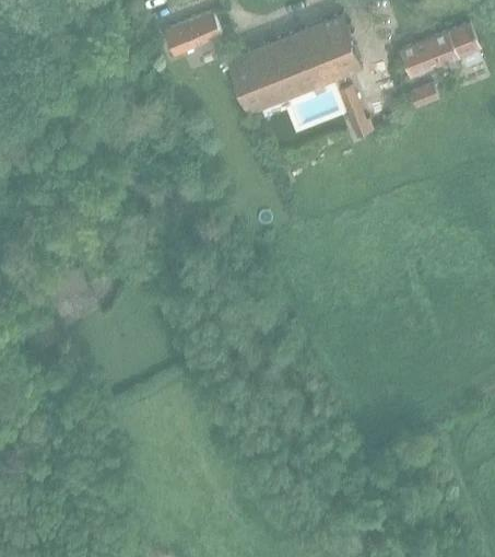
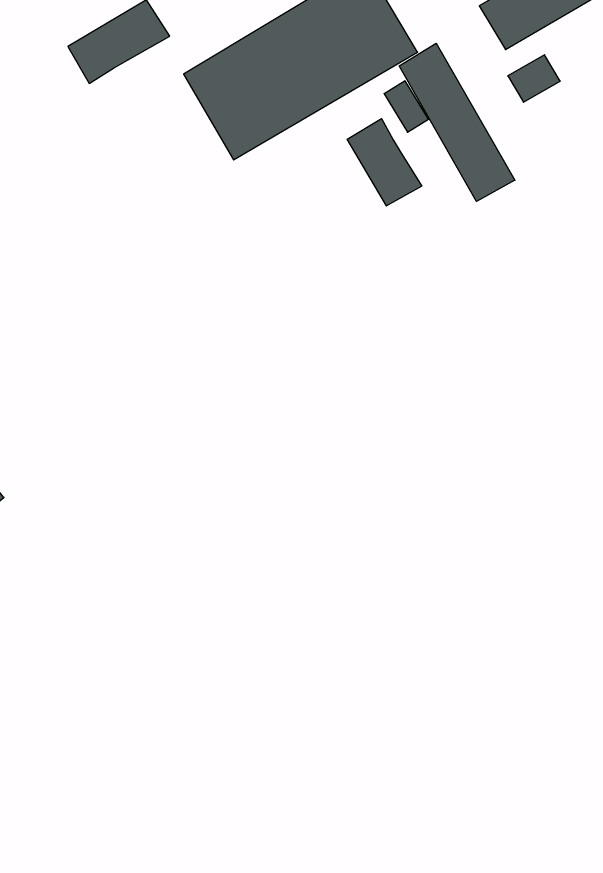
building: none -> [399,43,515,201]
building: none -> [347,119,422,206]

